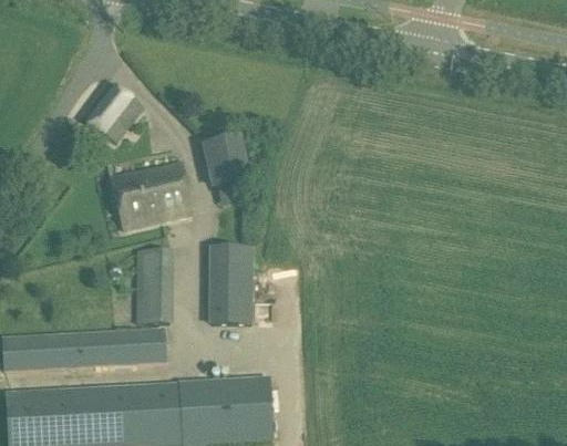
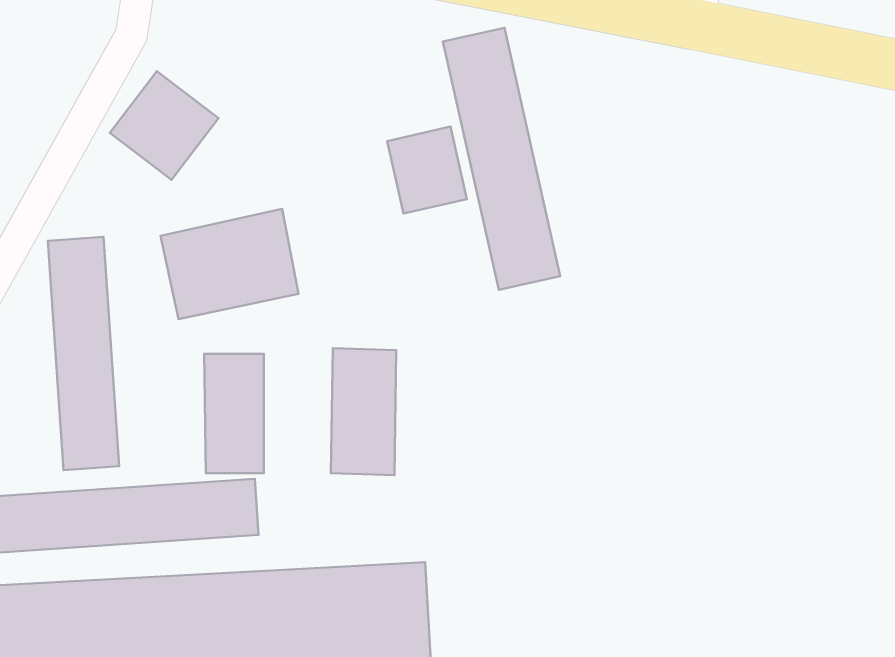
building: none -> [443,28,560,290]
building: [202,136,250,189] -> [387,127,467,214]
building: none -> [48,237,119,470]

